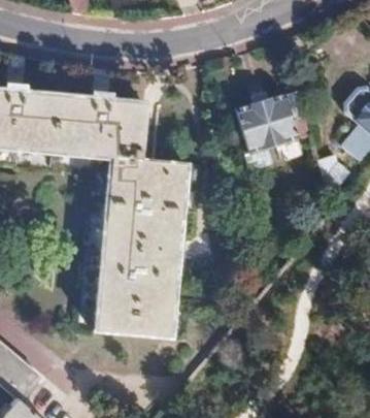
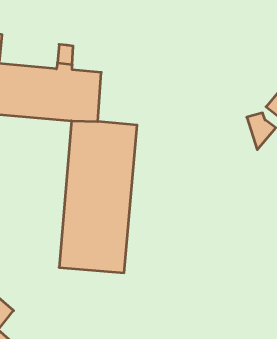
building: [236,90,310,172] -> none

